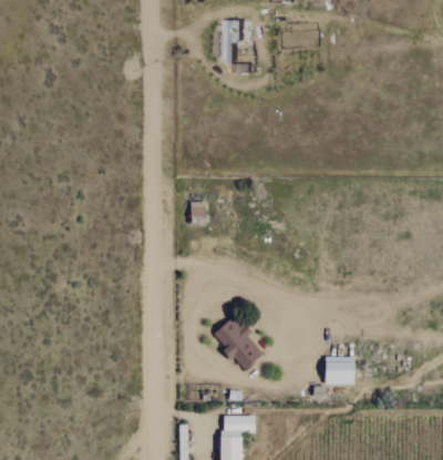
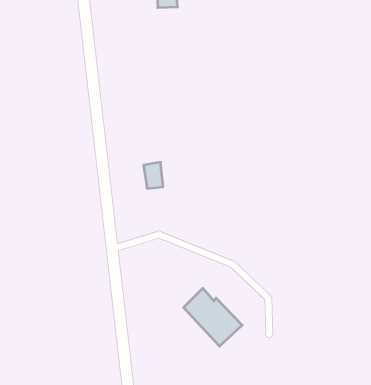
building: [326,356,356,384] -> none

